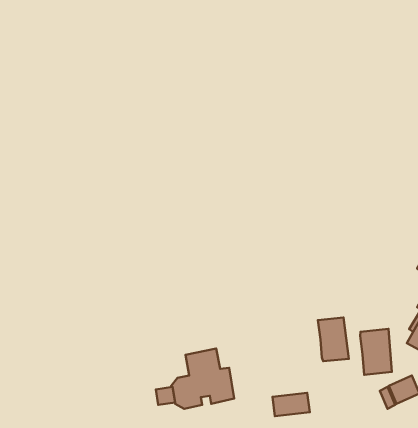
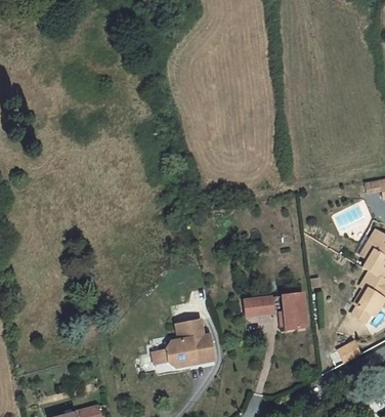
building: [360,329,392,375] -> none
building: [272,393,310,416] -> [244,296,273,315]

